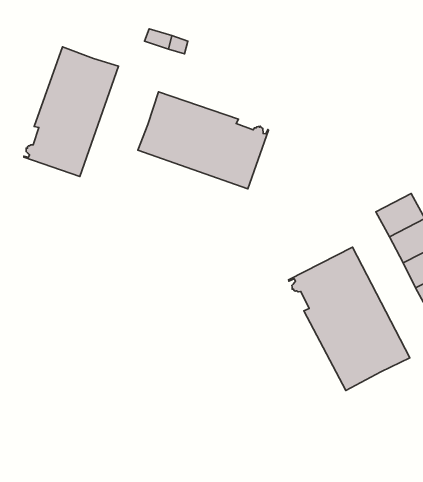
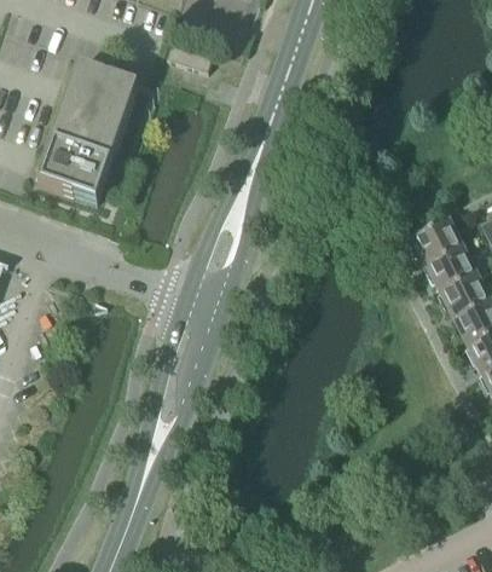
building: [138,92,269,189] -> none
building: [289,247,410,391] -> none

